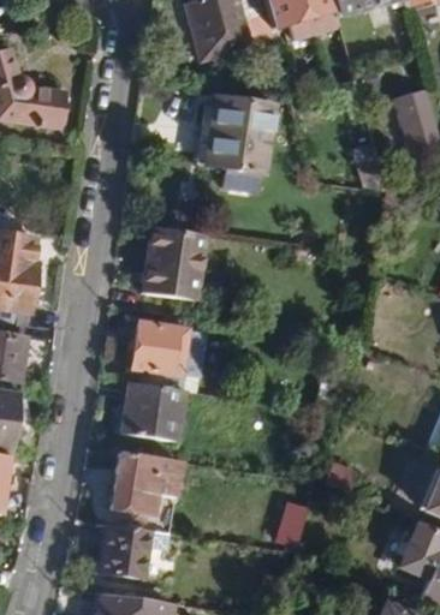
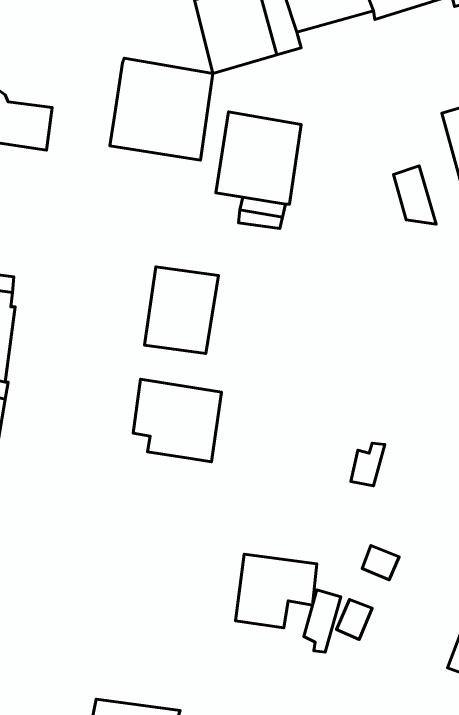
building: none -> [110,58,213,160]
building: [120,382,183,441] -> none
building: [111,452,179,514] -> [236,554,317,628]
building: [99,524,168,580] -> none

